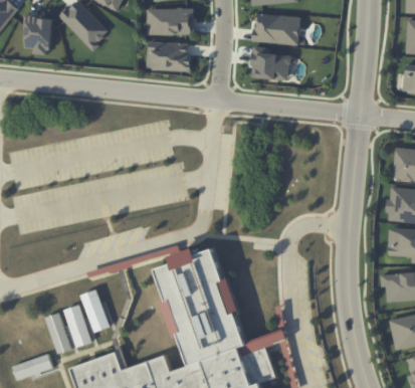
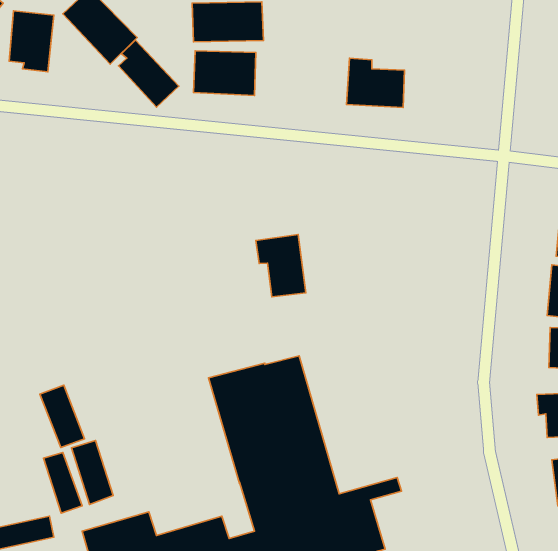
building: [252,13,299,44] -> none
building: none -> [118,40,179,107]
building: none -> [256,234,306,297]
building: [80,289,111,332] -> [40,385,85,448]

